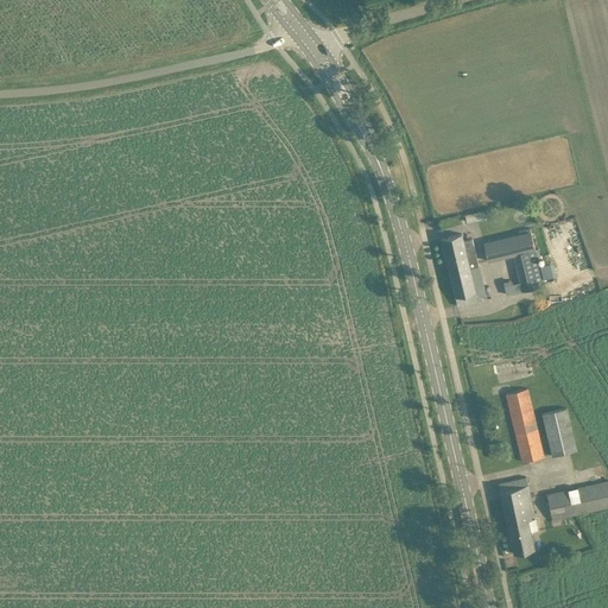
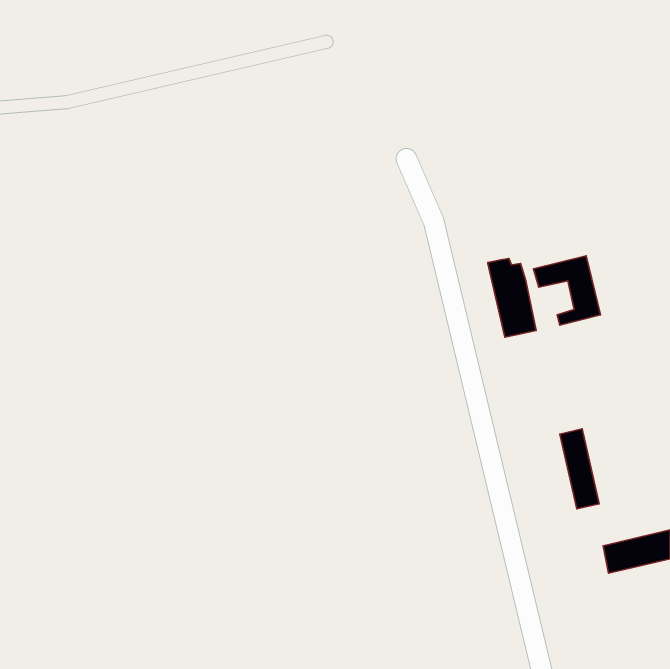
building: [543,408,577,456] -> none
building: [499,477,537,555] -> none

